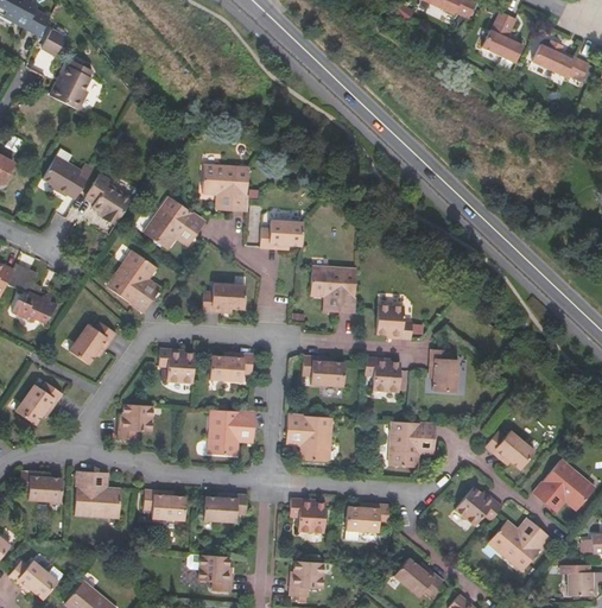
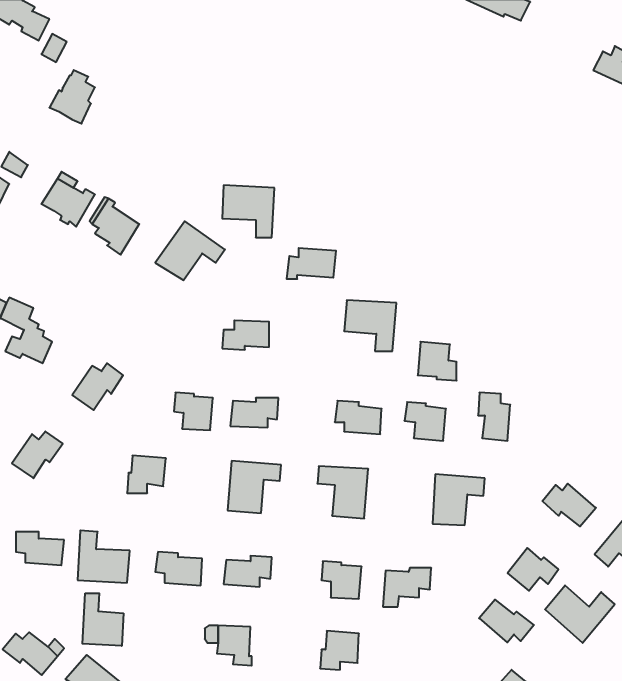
building: [480,13,520,64] -> none
building: [108,251,157,312] -> none
building: none -> [82,593,123,646]
building: [394,558,443,596] -> [479,600,534,642]

